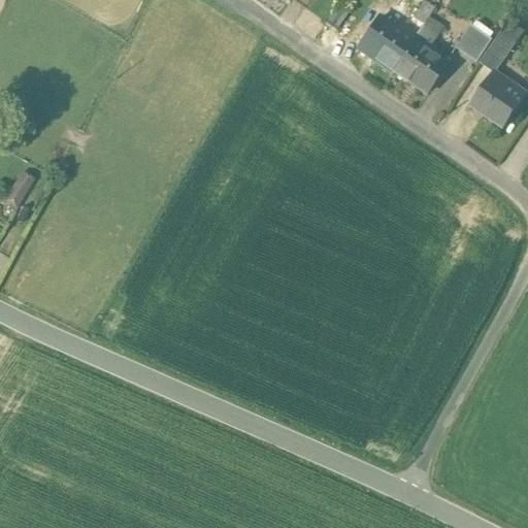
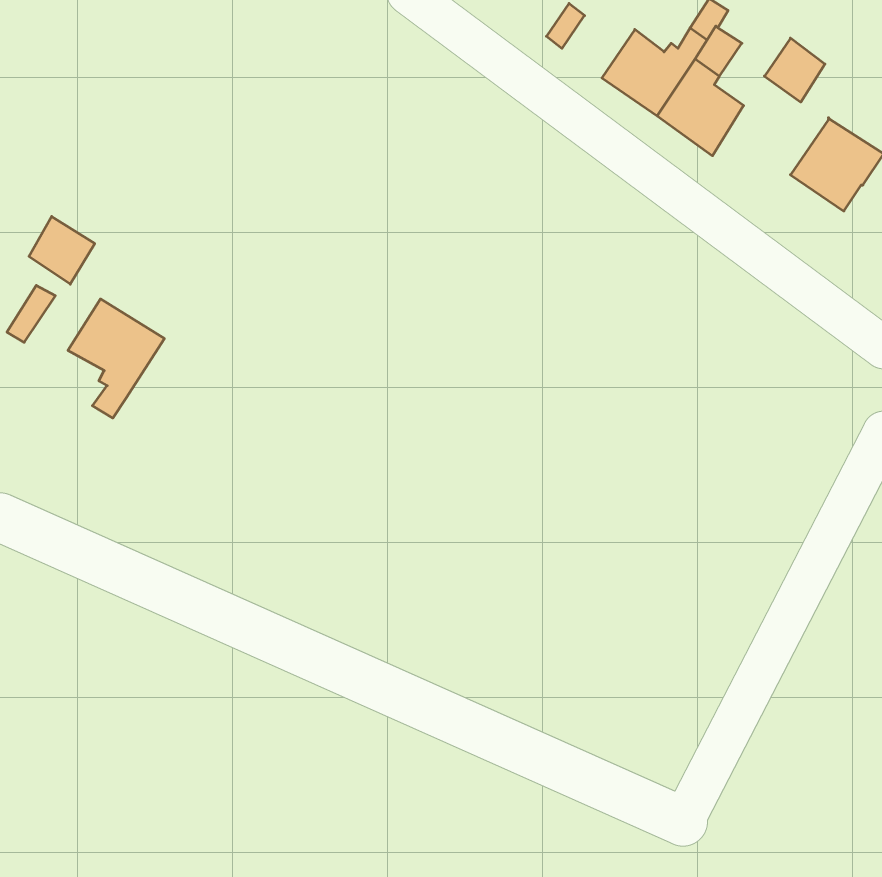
building: [481,30,517,71] -> none
building: none -> [29,216,95,284]
building: none -> [68,299,164,418]

